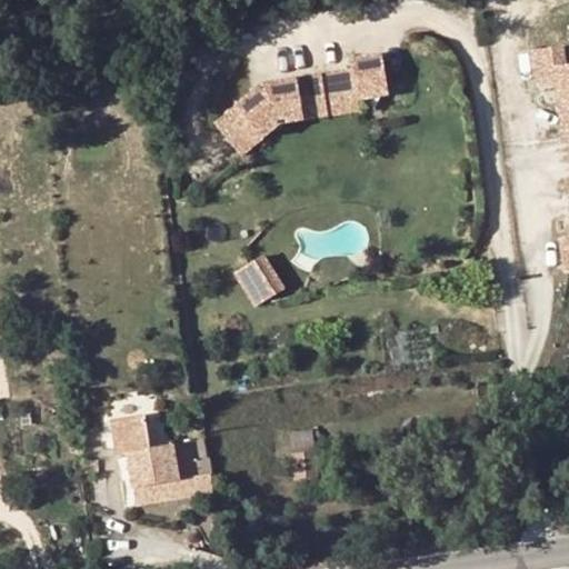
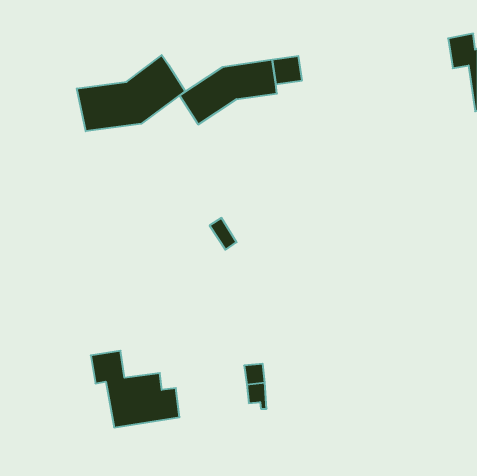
building: [355,54,391,98] -> none
building: none -> [77,55,185,131]

